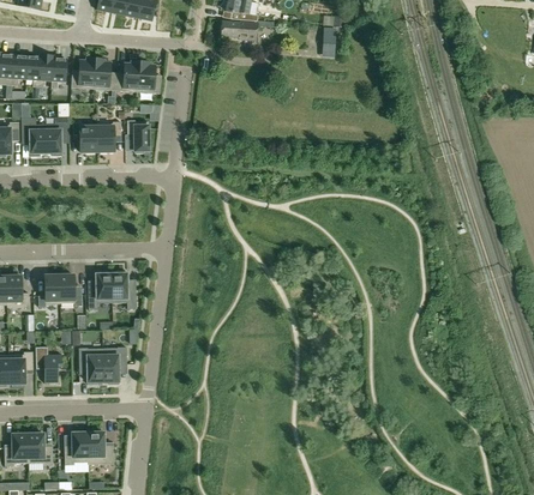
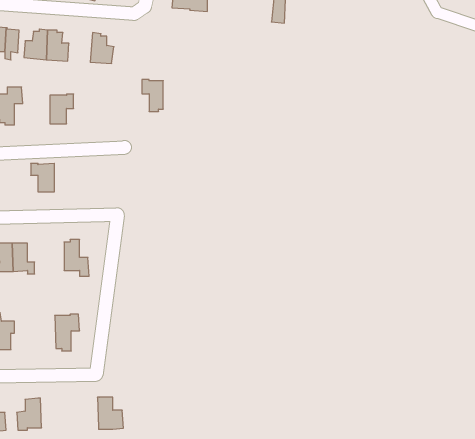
building: [115,61,140,91] -> none
building: [127,120,149,152] -> [142,80,163,111]
building: [73,125,97,153] -> [31,163,54,192]
building: [88,271,112,309] -> none
building: [78,348,103,384] -> none
building: [88,431,114,464] -> [97,397,123,429]

